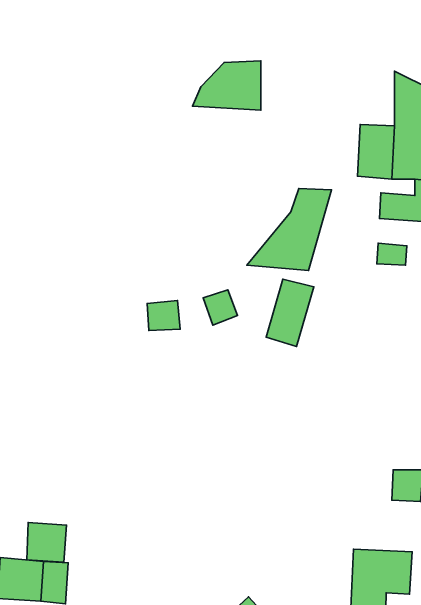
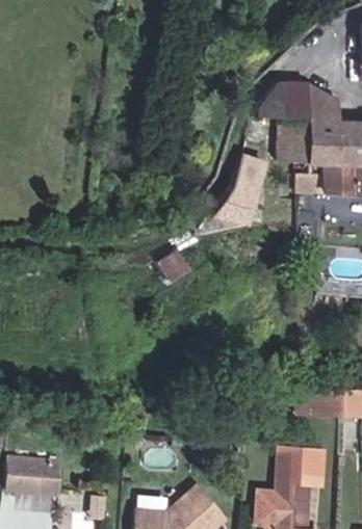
building: [193,61,261,110] -> [257,83,309,121]
building: [266,279,314,346] -> none
building: [27,523,67,562] -> none

